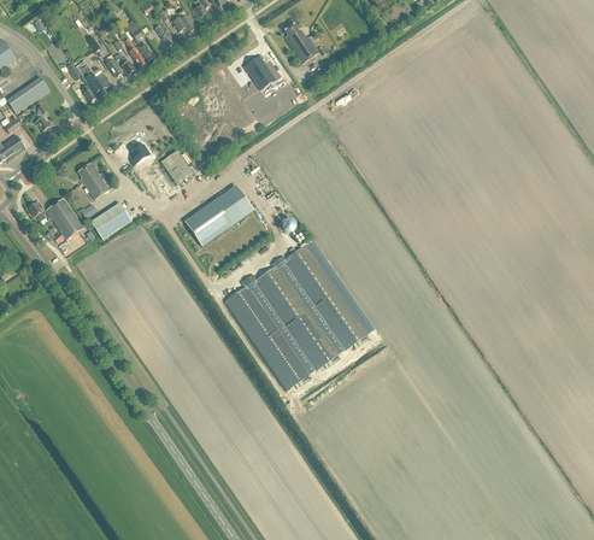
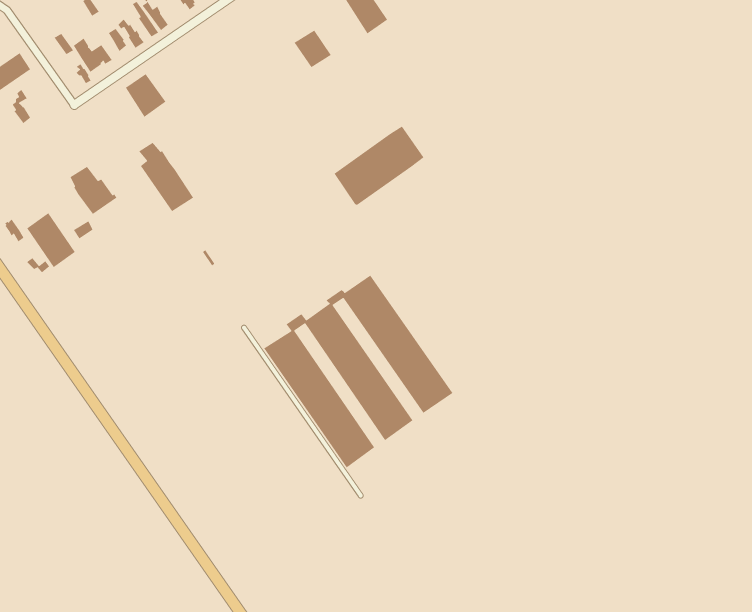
building: [160,151,192,184] -> [125,73,166,118]
building: [183,186,252,246] -> [333,126,425,206]
building: [89,201,131,240] -> none

